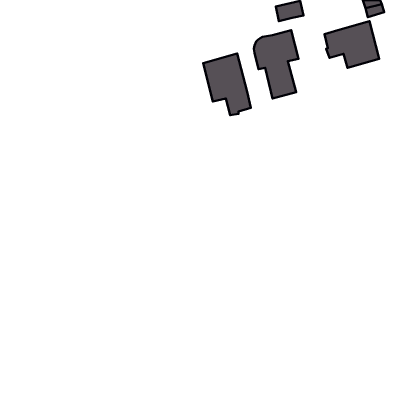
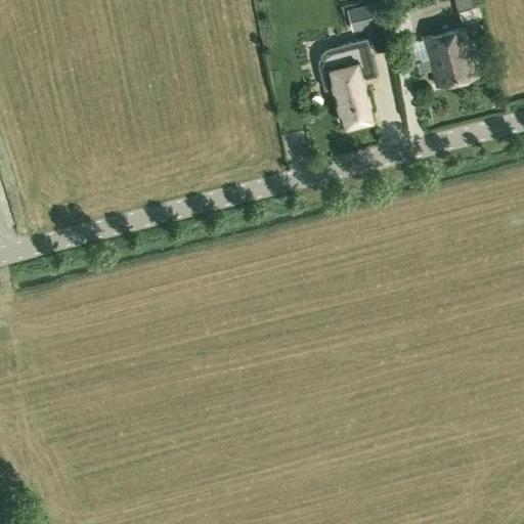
building: [203,53,251,115] -> none

